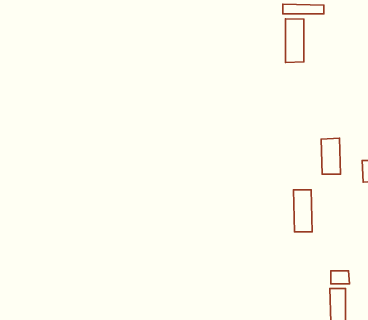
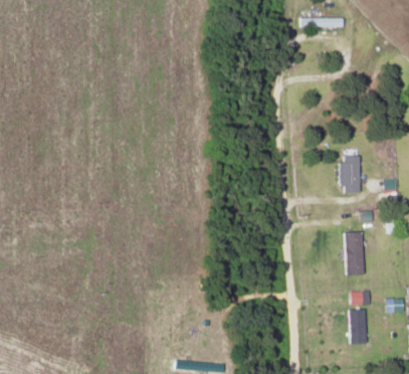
building: [286,19,304,62] -> none
building: [294,190,312,232] -> [345,231,364,274]

